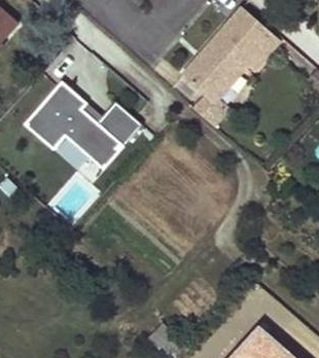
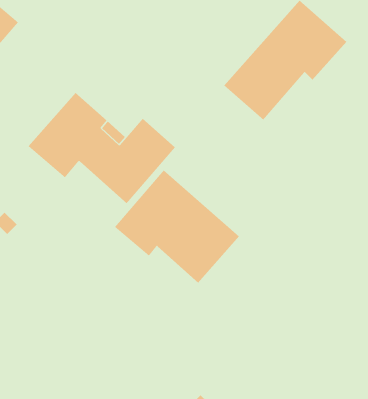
building: none -> [114,170,240,283]

